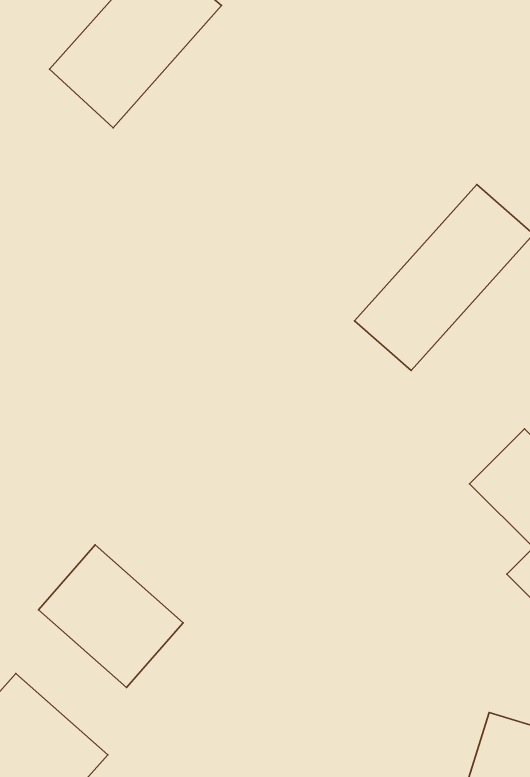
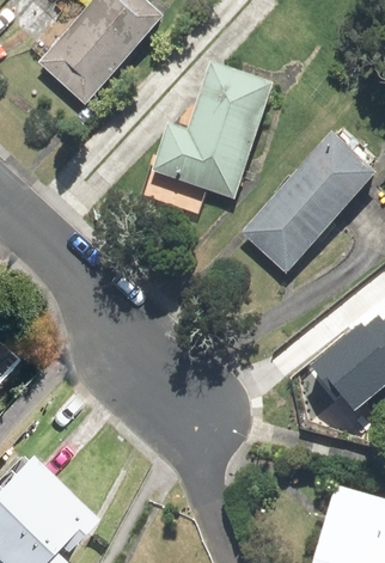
building: none -> [157,68,270,197]
building: [39,545,183,687] -> none

